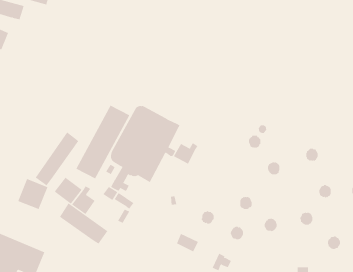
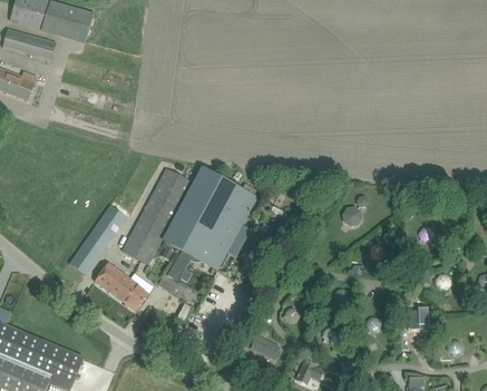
building: [173,142,198,165] -> none
building: [17,178,48,210] -> none
building: [59,203,108,244] -> none

